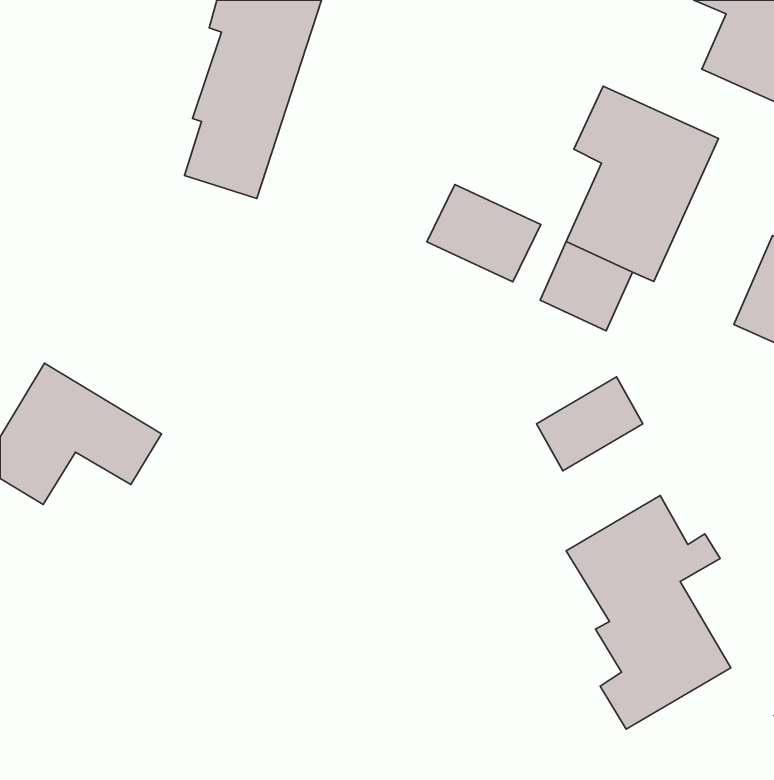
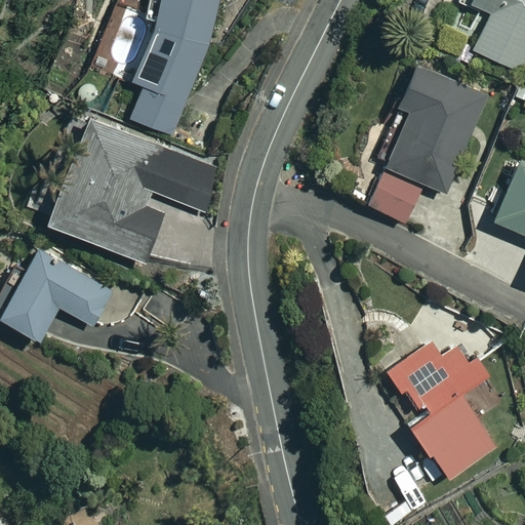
building: none -> [38,113,220,264]
building: [427,185,541,282] -> none
building: [537,377,643,471] -> none

